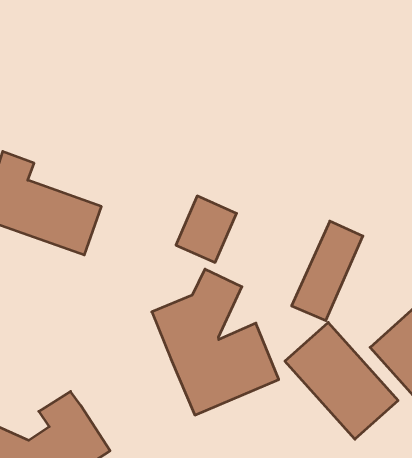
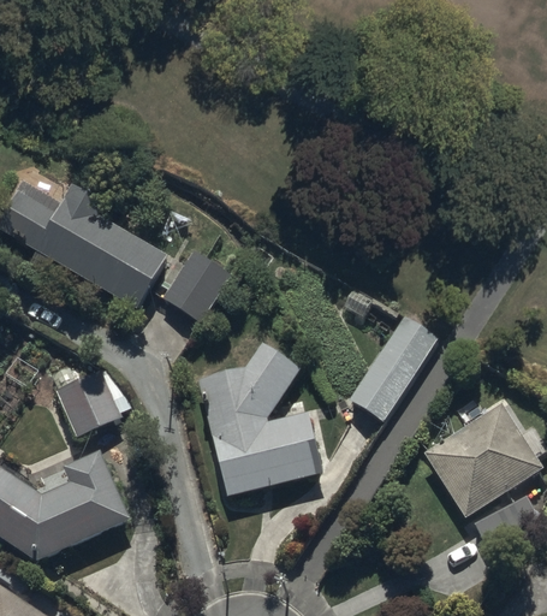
building: [176,196,237,262] -> [163,249,233,322]
building: none -> [55,369,124,434]
building: [285,322,398,439] -> none

